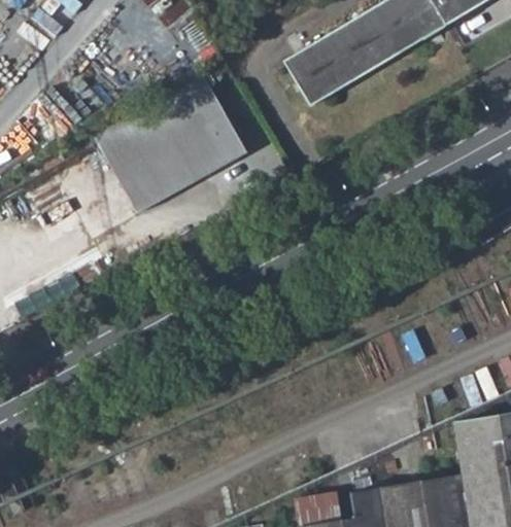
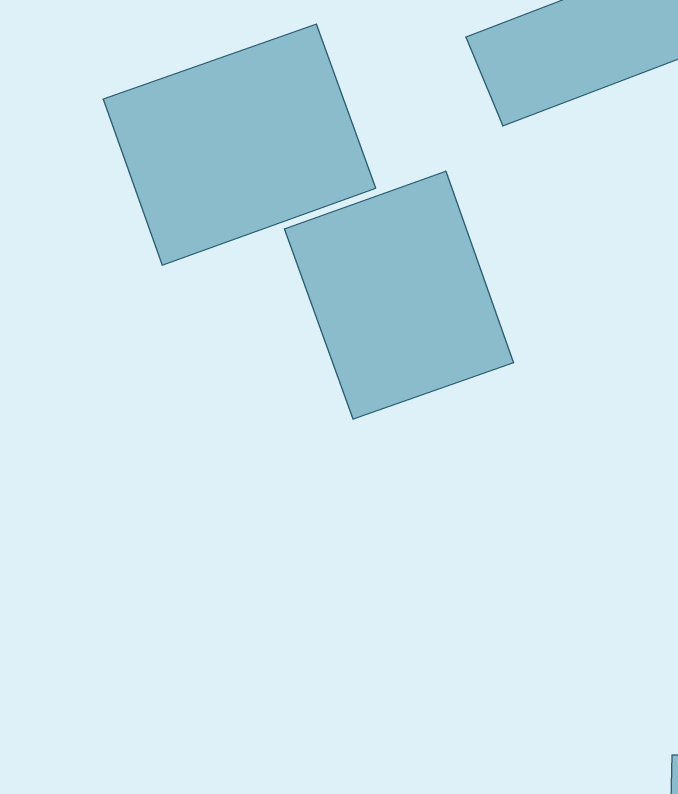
building: none -> [284,171,513,419]

